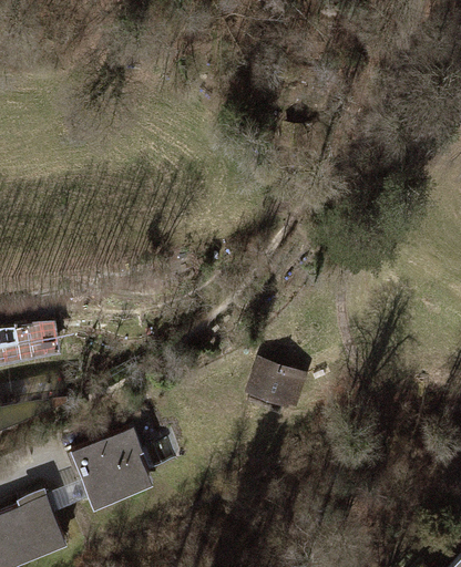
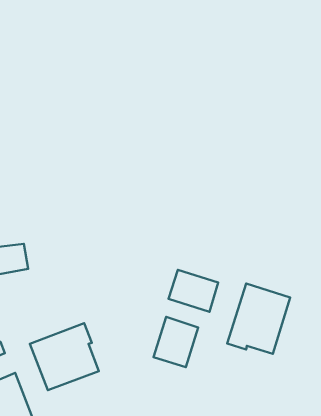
building: none -> [227,283,290,354]
building: none -> [153,317,198,367]

